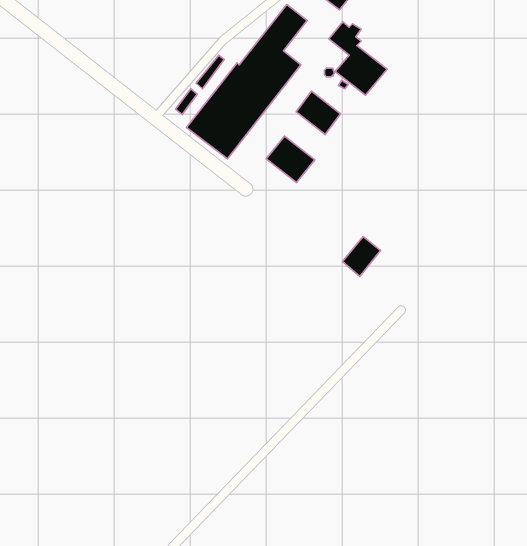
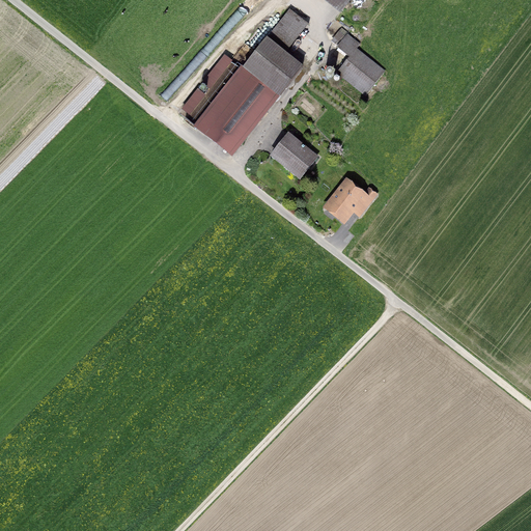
building: [296,91,341,135] -> none
building: [343,237,380,277] -> [327,180,363,219]

